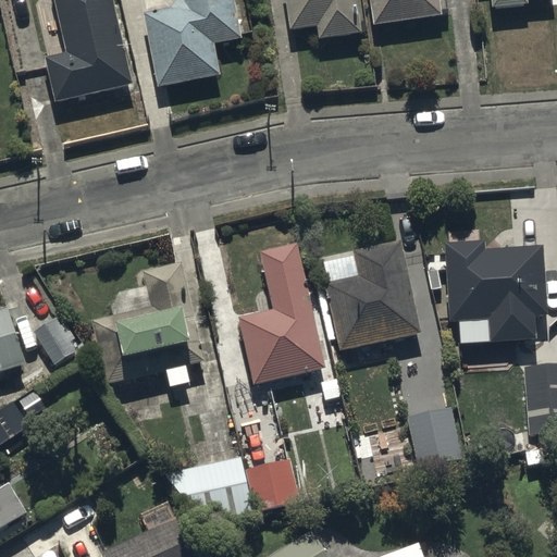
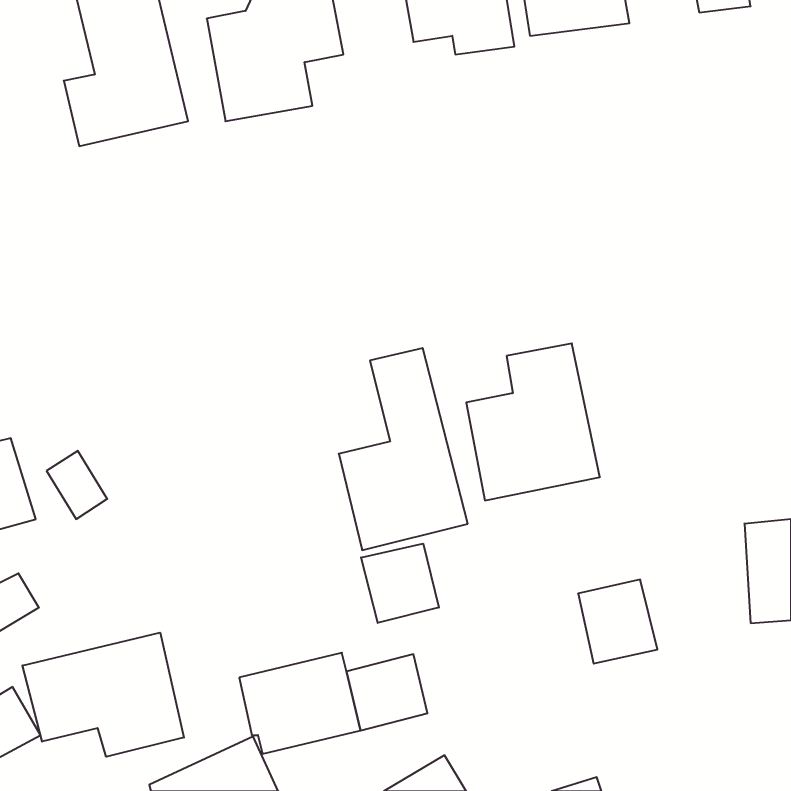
building: [442,240,543,339] -> none
building: [92,262,203,386] -> none
building: none -> [361,544,439,623]
building: none -> [22,633,184,757]

